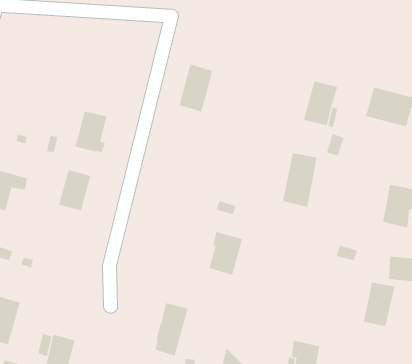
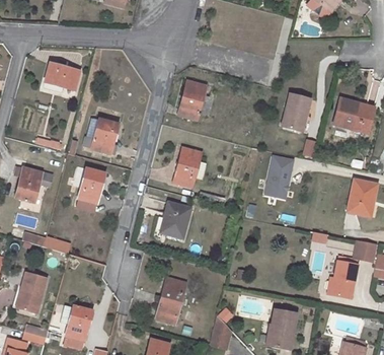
building: none -> [46,61,80,89]
building: none -> [174,147,202,186]
building: [209,232,243,275] -> [163,202,191,238]

